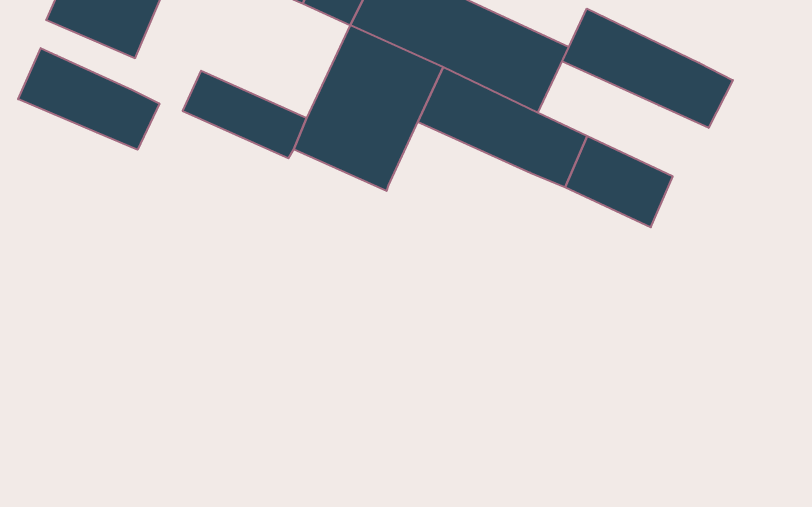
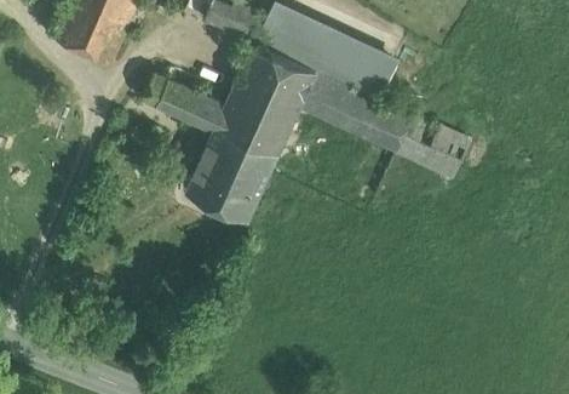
building: [562,9,733,128] -> none
building: [18,48,159,150] -> none
building: none -> [186,127,278,222]

